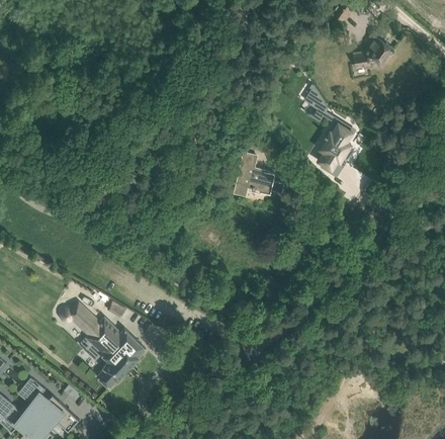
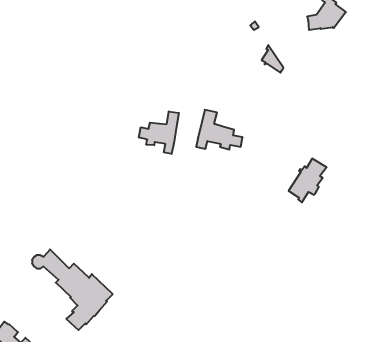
building: [312,122,352,169] -> [289,159,327,202]
building: none -> [139,111,179,154]

